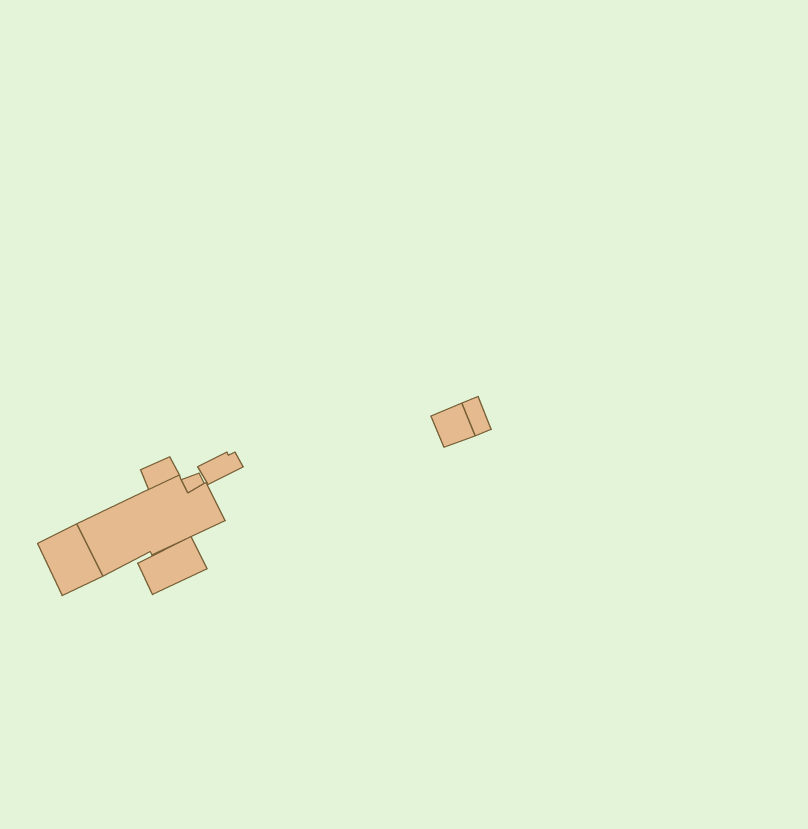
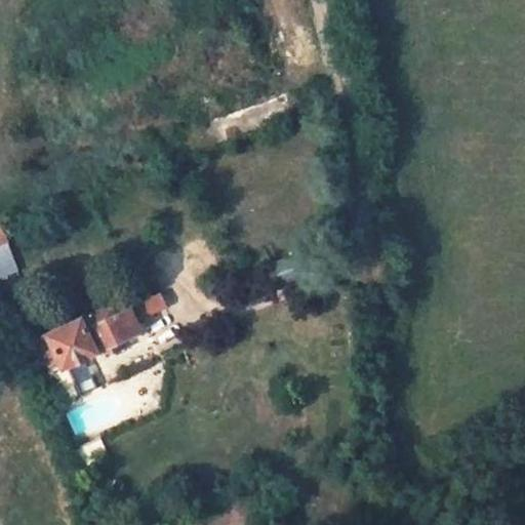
building: [138,537,207,595] -> none

